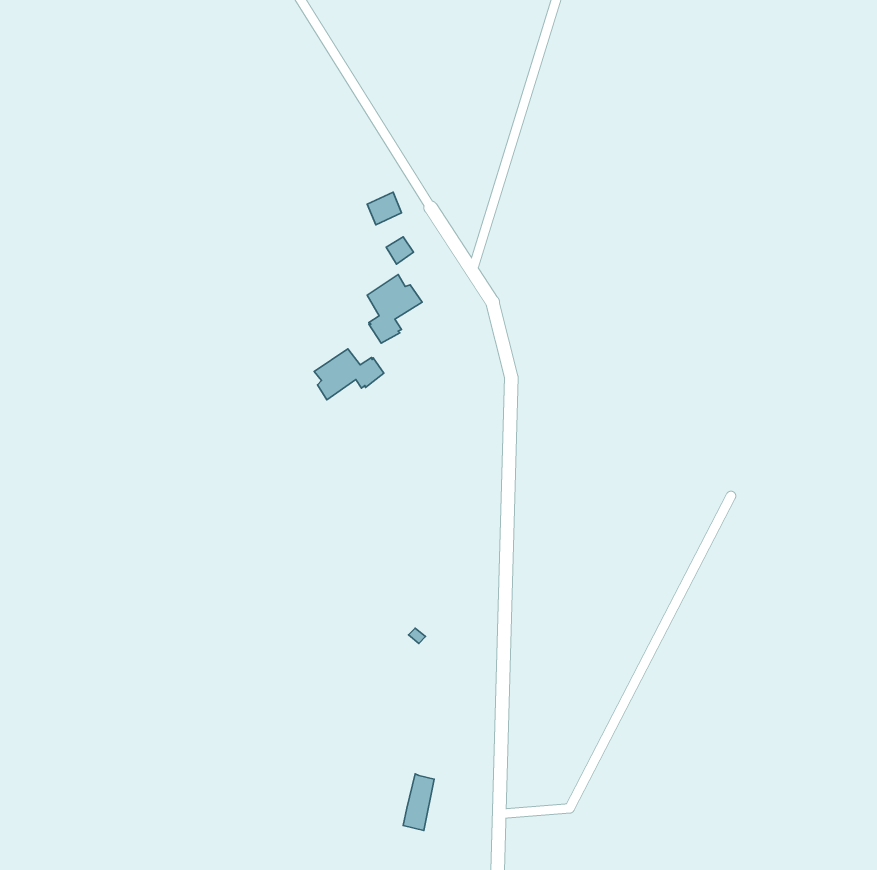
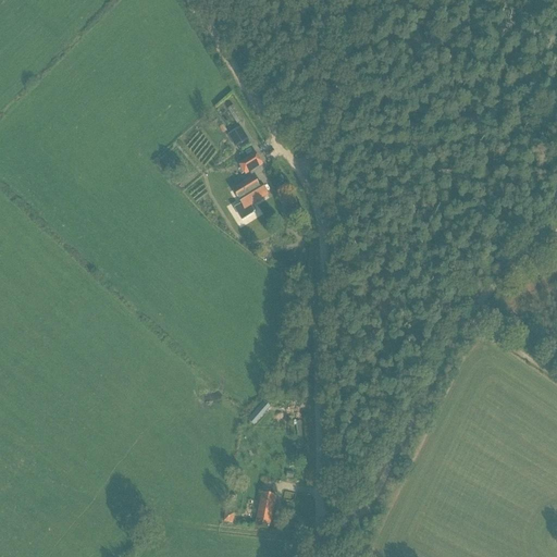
building: [314,349,384,400] -> none

